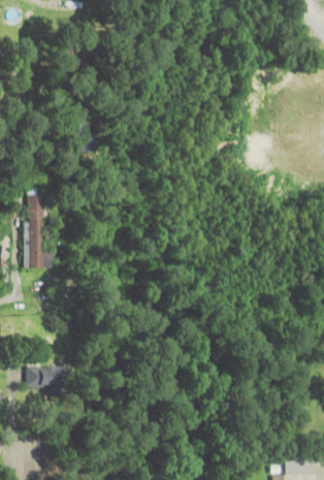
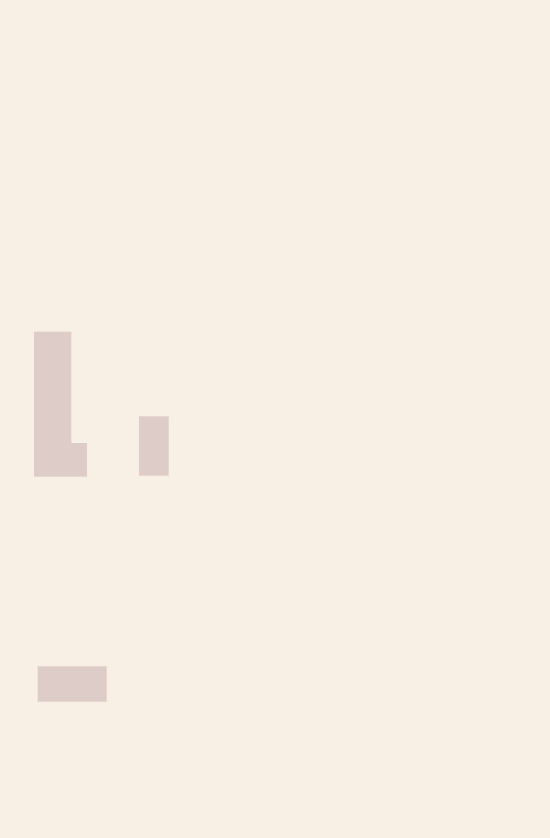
building: none -> [138,416,169,476]

